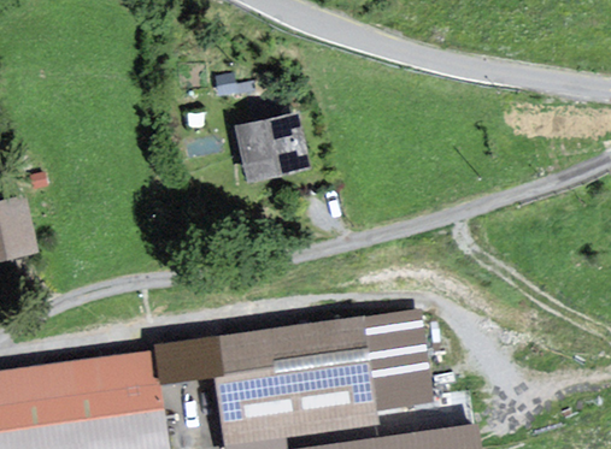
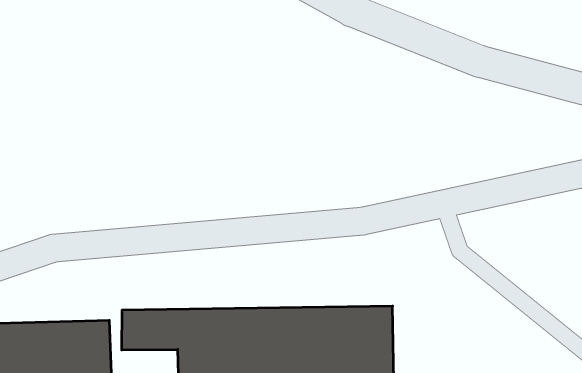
building: [240,116,306,177] -> none

